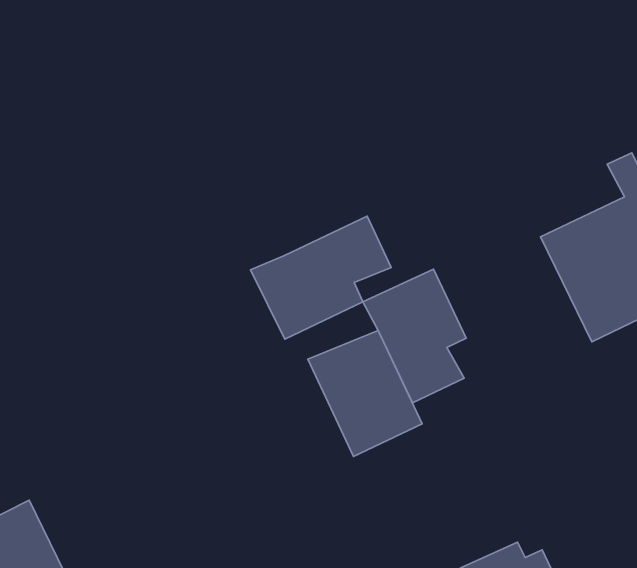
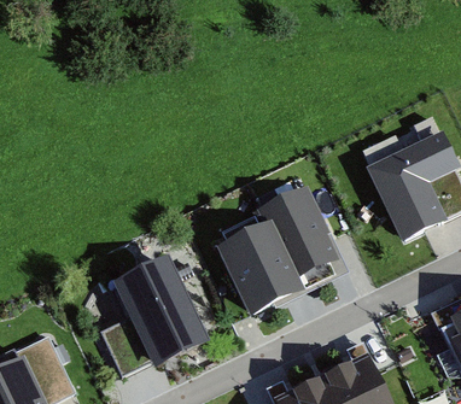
building: [251,216,391,339] -> none
building: none -> [100,259,202,371]

